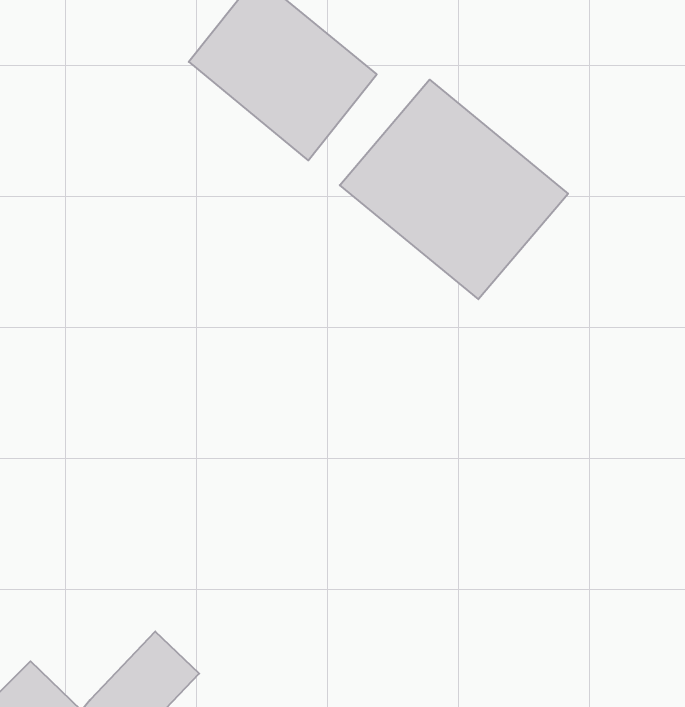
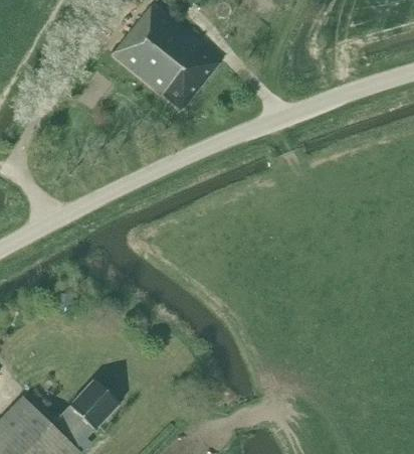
building: [340,80,568,299] -> none

